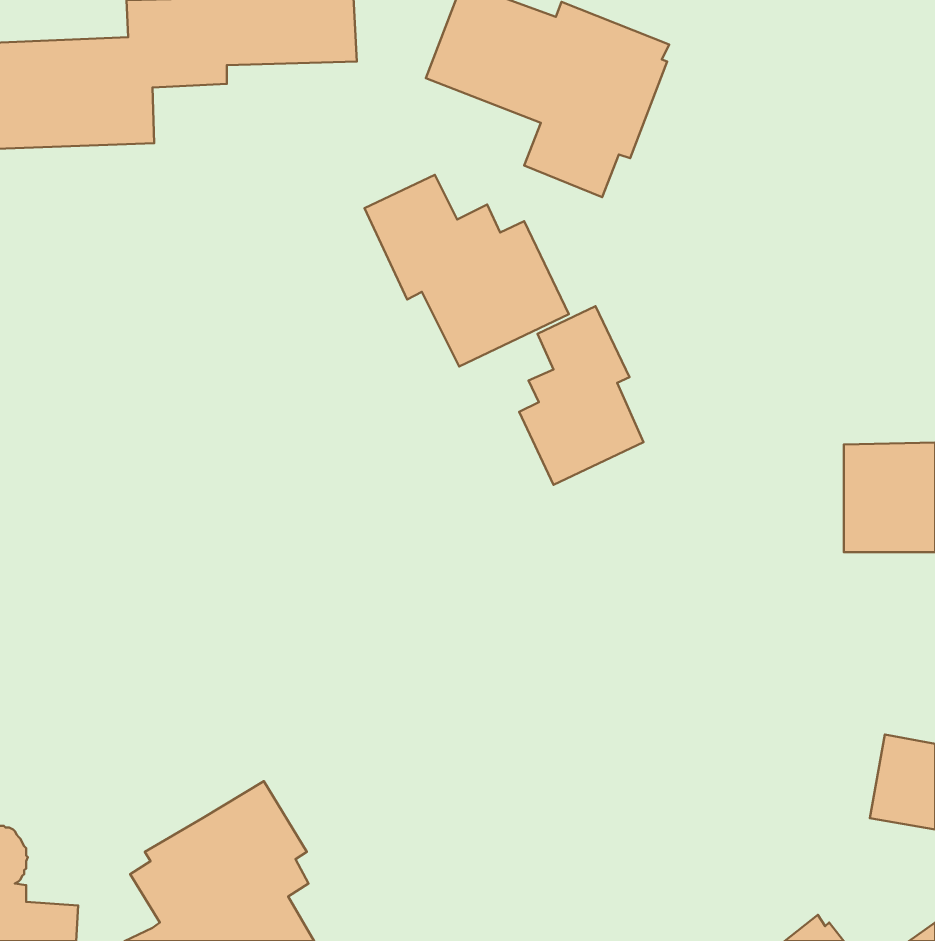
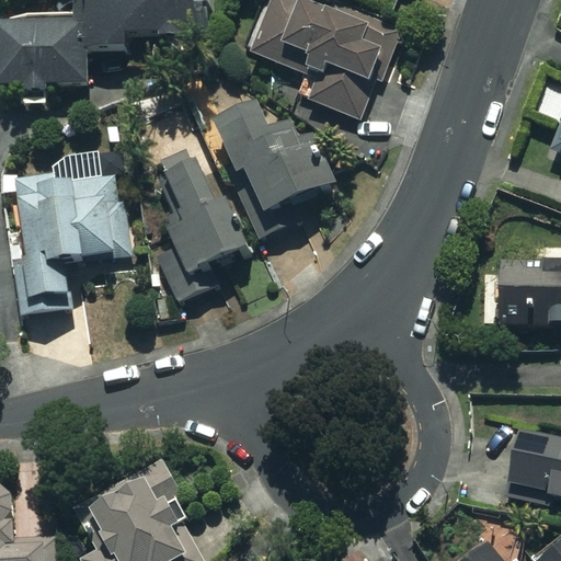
building: none -> [11,145,130,310]
building: none -> [156,163,253,304]
building: [519,306,644,485] -> none

